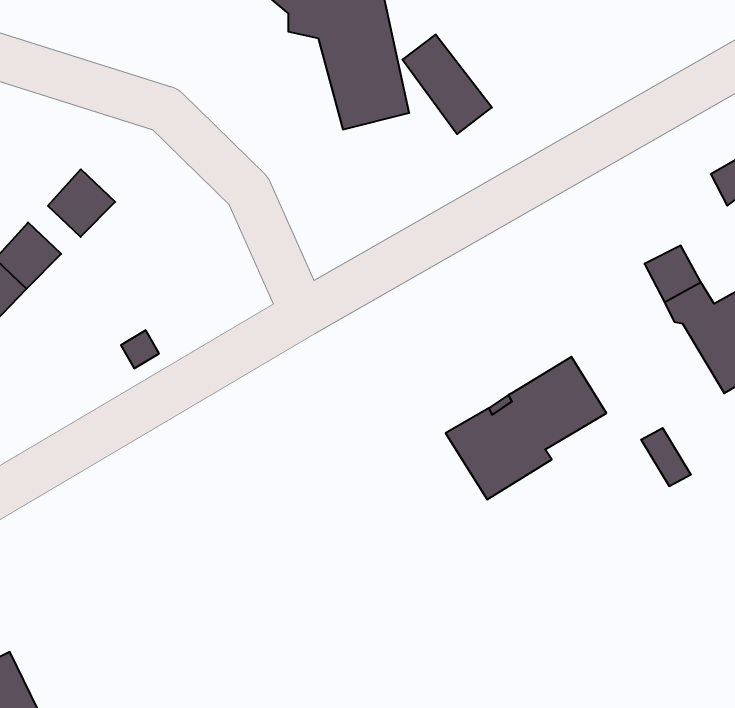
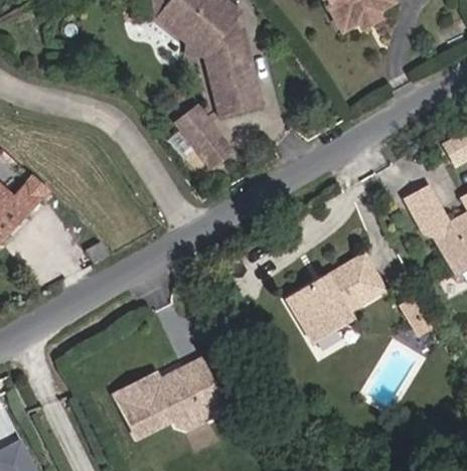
building: [402,35,492,134] -> [178,110,232,170]
building: [48,169,115,237] -> none
building: none -> [113,357,222,438]

